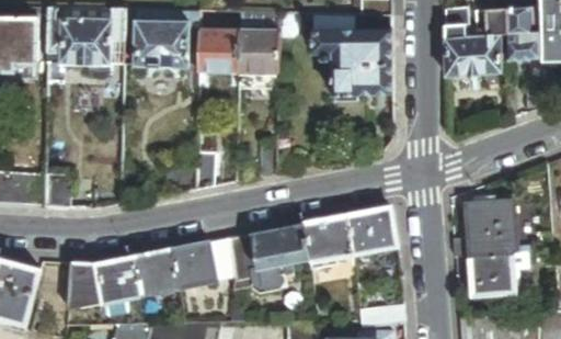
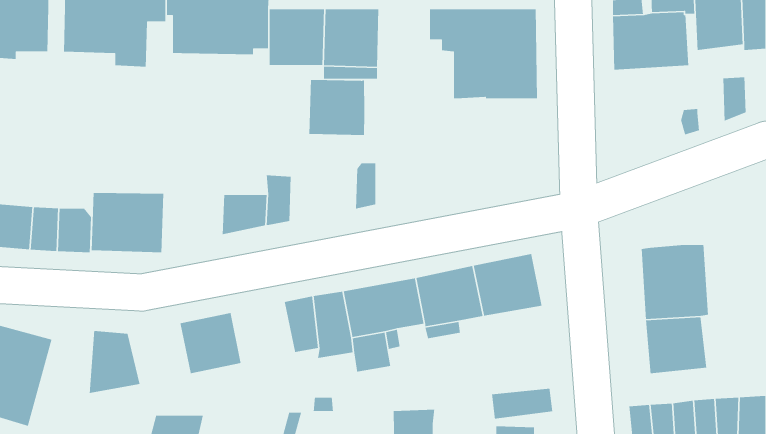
building: none -> [308,79,365,136]
building: none -> [91,192,164,253]
building: [170,242,216,287] -> none
building: [95,258,140,303] -> none

